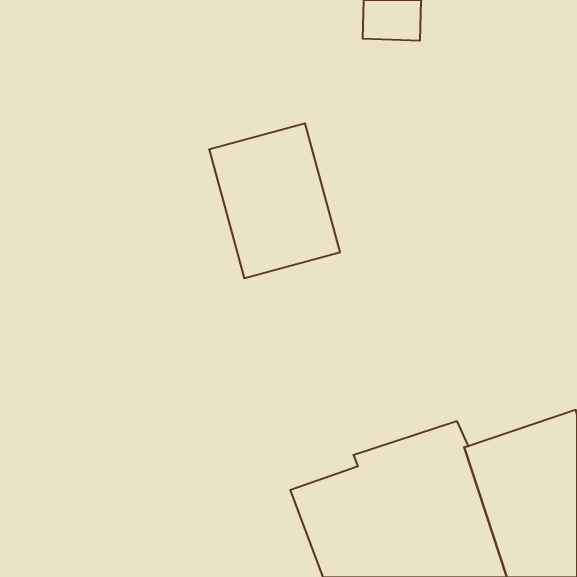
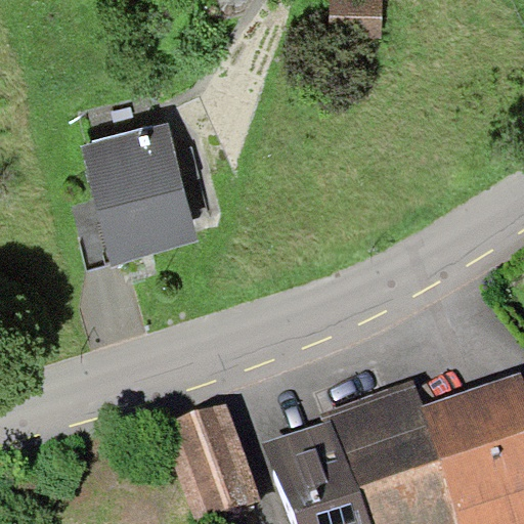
building: [209,123,340,278] -> [80,123,199,263]
building: none -> [163,400,260,519]

